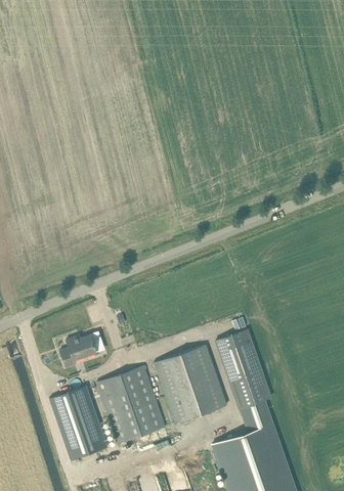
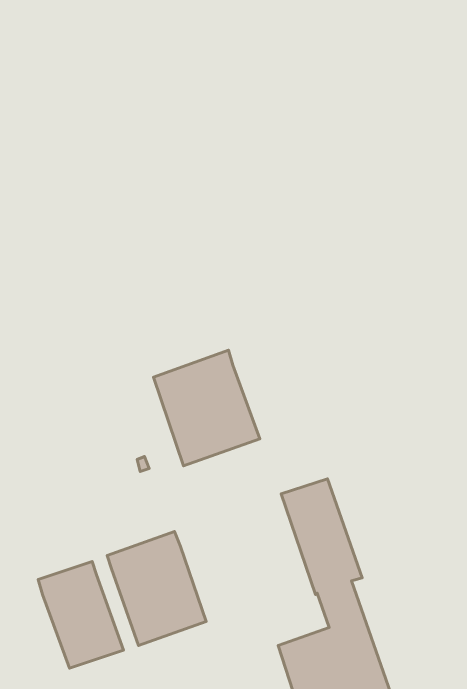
building: [60,334,96,366] -> none
building: [155,344,227,422] -> [153,350,260,466]

